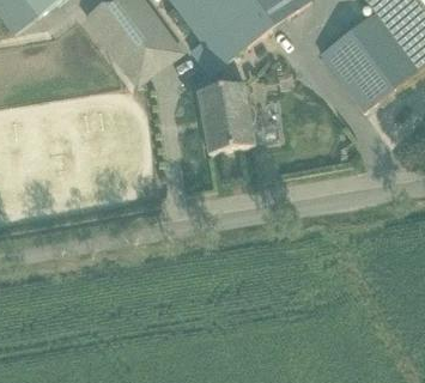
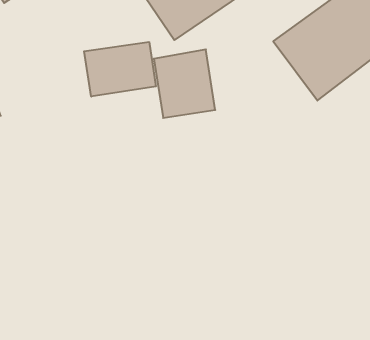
building: none -> [84,42,156,97]

